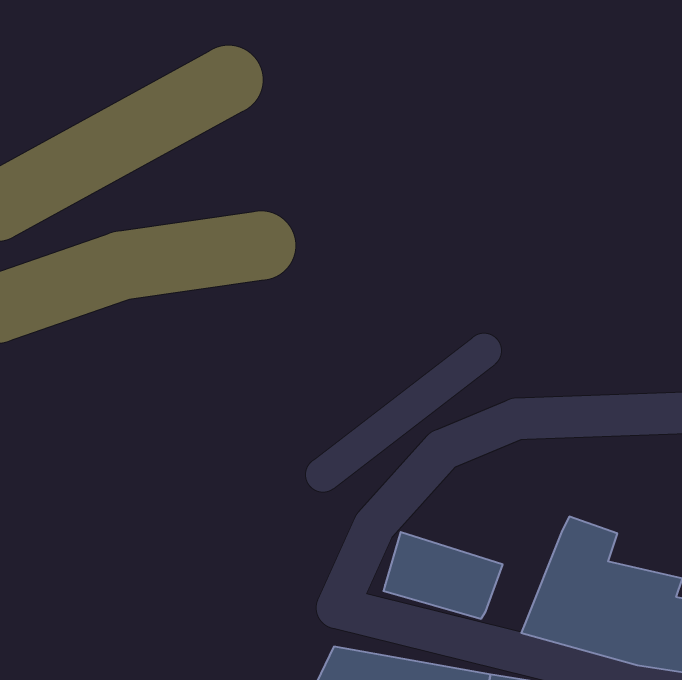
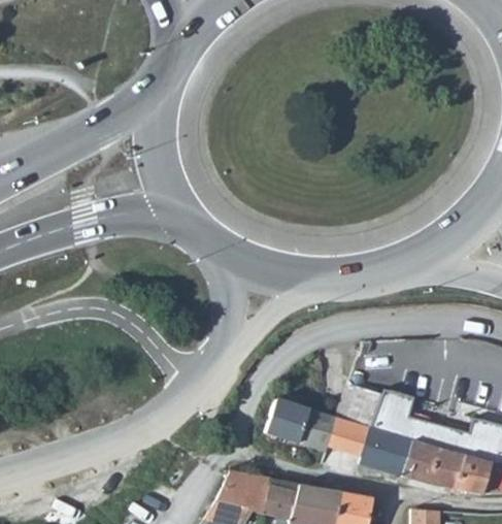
building: none -> [334,385,384,459]

